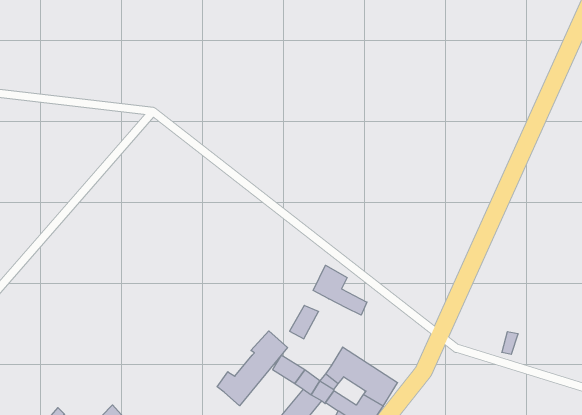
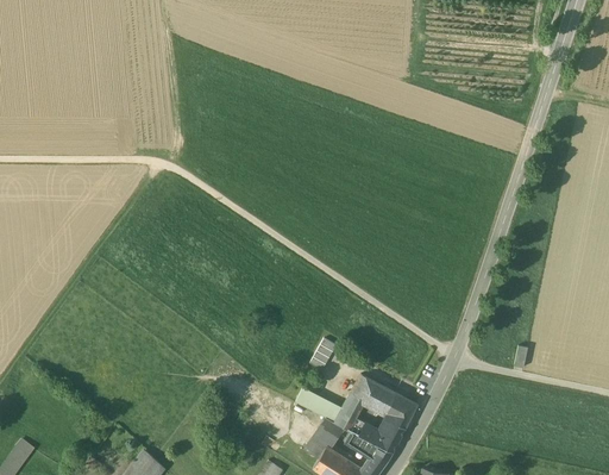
building: [313,265,367,315] -> none
building: [217,331,288,406] -> none

